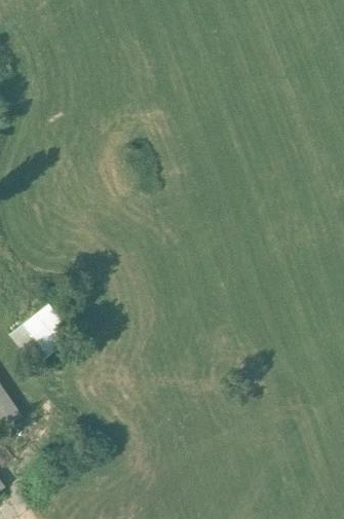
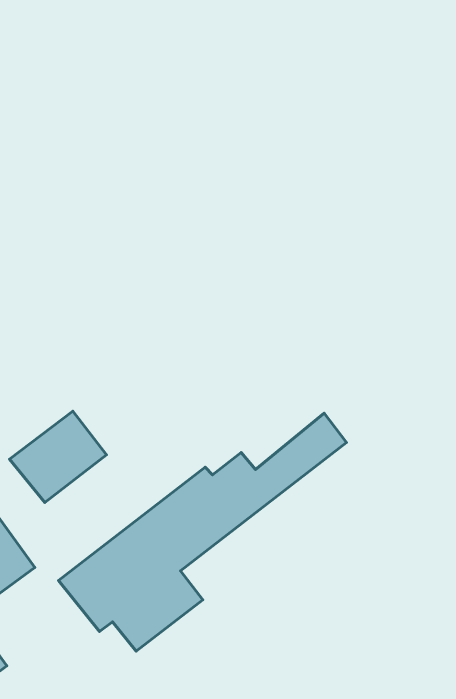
building: none -> [58,413,346,651]

